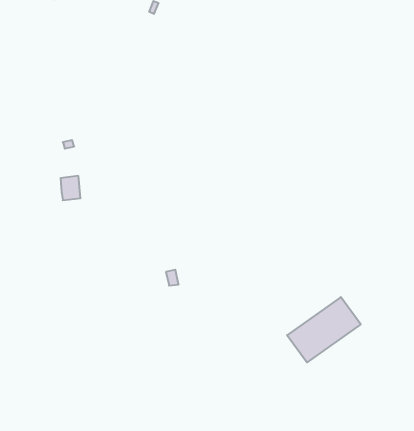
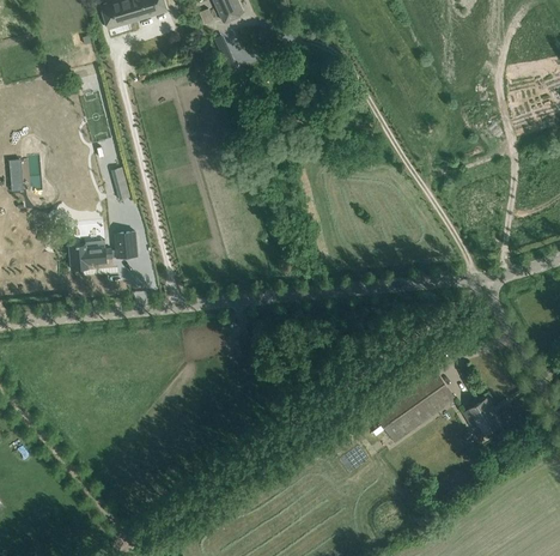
building: none -> [71,242,118,268]
building: none -> [464,398,503,436]

